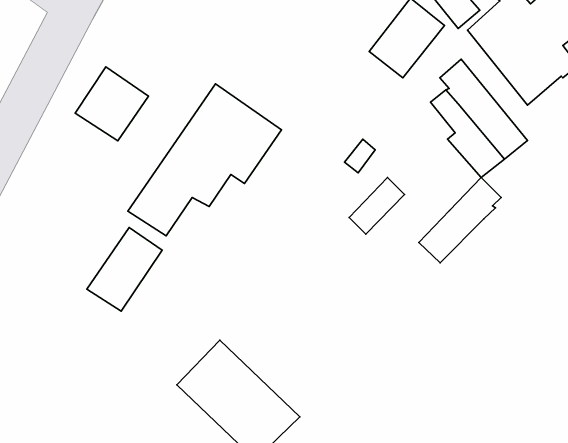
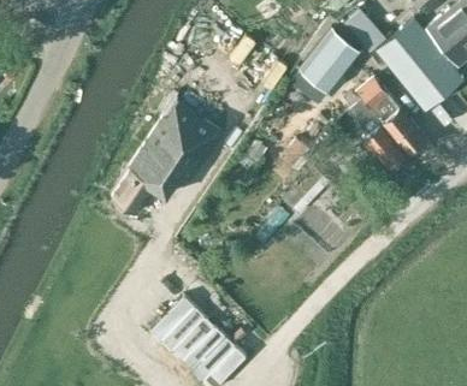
building: [75,67,148,141] -> none
building: [419,177,501,263] -> none
building: [87,228,162,311] -> none

